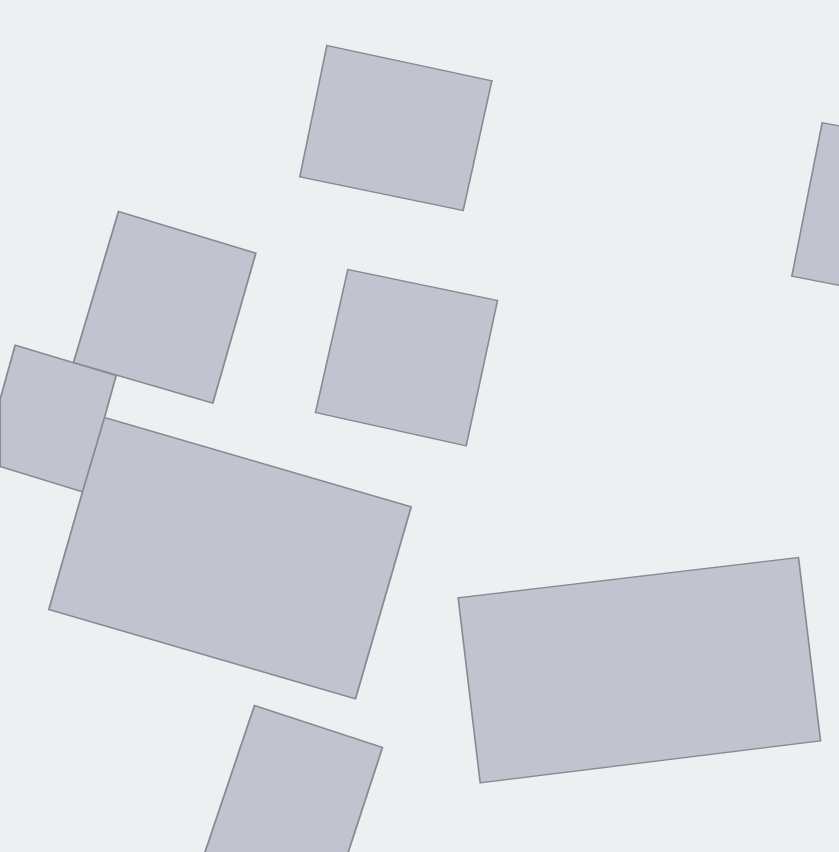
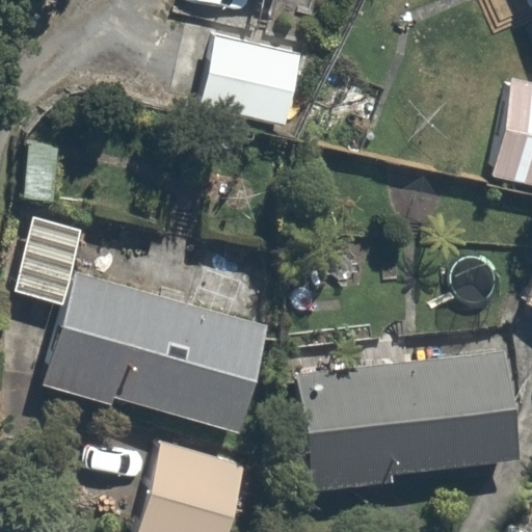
building: [73,212,256,403] -> none
building: [316,269,497,446] -> none

